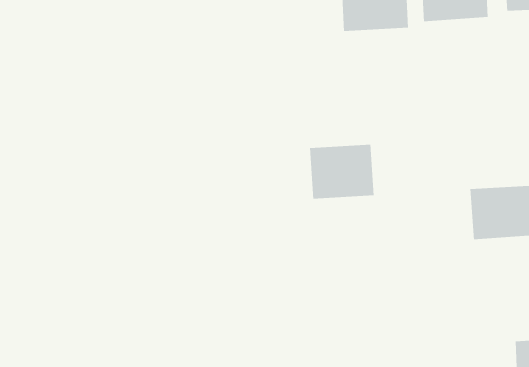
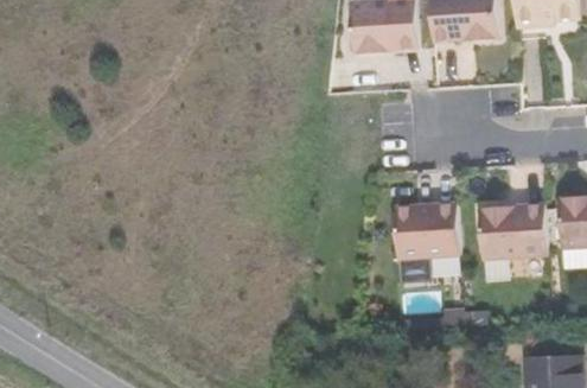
building: [309,144,375,199] -> [394,203,459,257]

